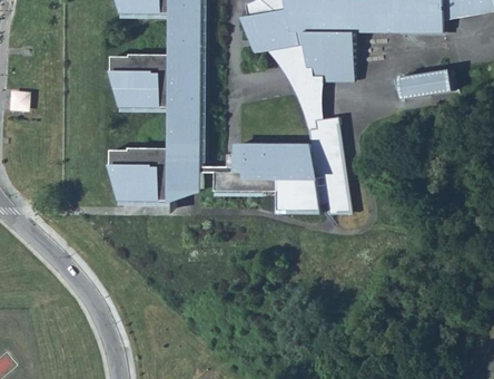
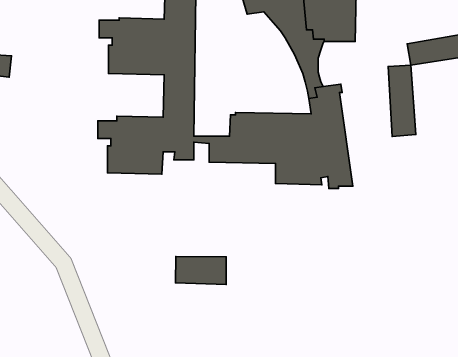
building: none -> [388,65,416,136]
building: none -> [176,257,226,284]

